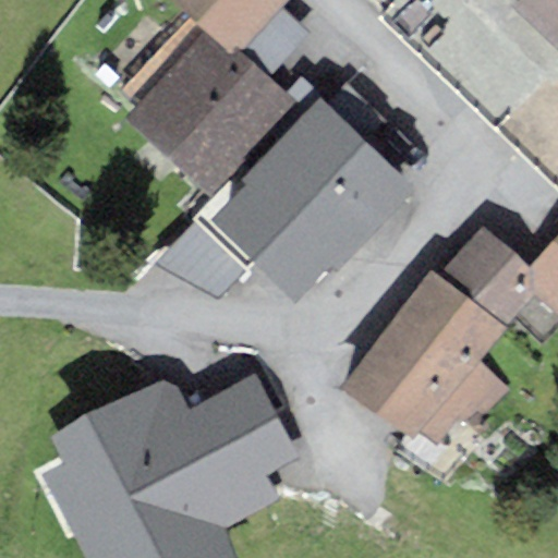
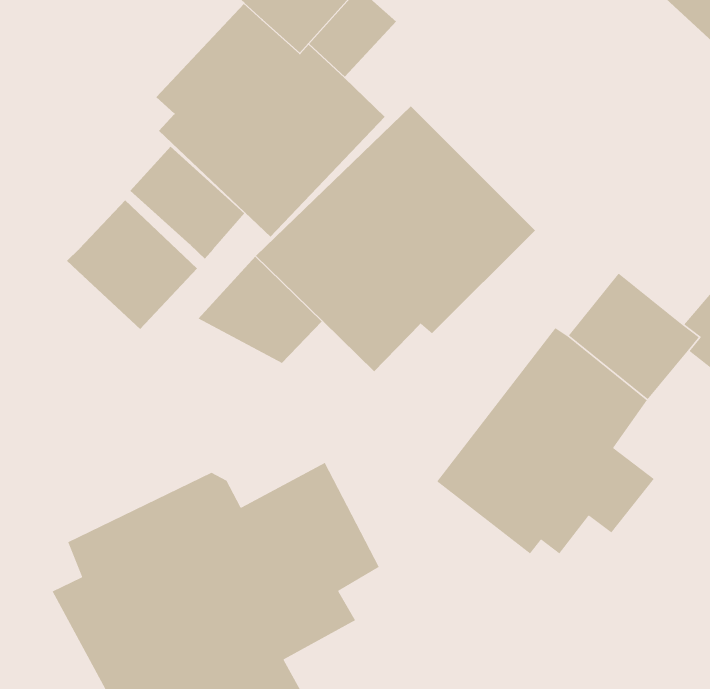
building: none -> [130,146,245,260]
building: none -> [66,200,198,330]

